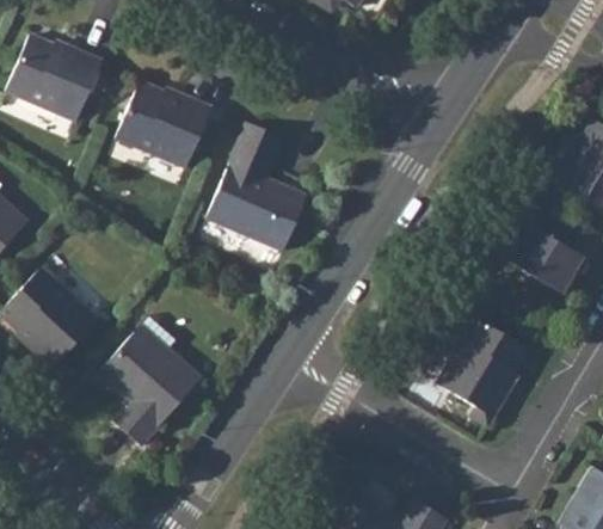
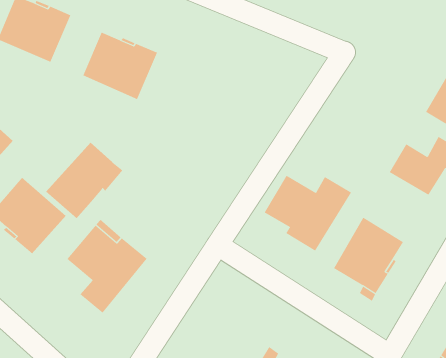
building: [207,122,307,251] -> none
building: none -> [45,142,123,219]
building: none -> [264,175,352,252]

